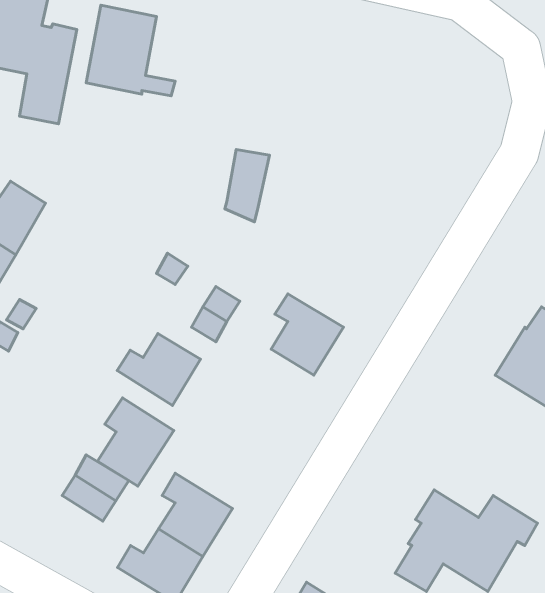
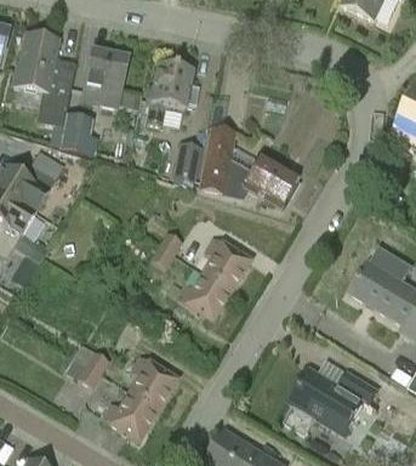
building: none -> [143,62,194,125]
building: none -> [59,114,95,153]
building: none -> [198,127,297,206]
building: [117,333,200,406] -> [175,274,229,322]
building: [97,398,174,486] -> none

